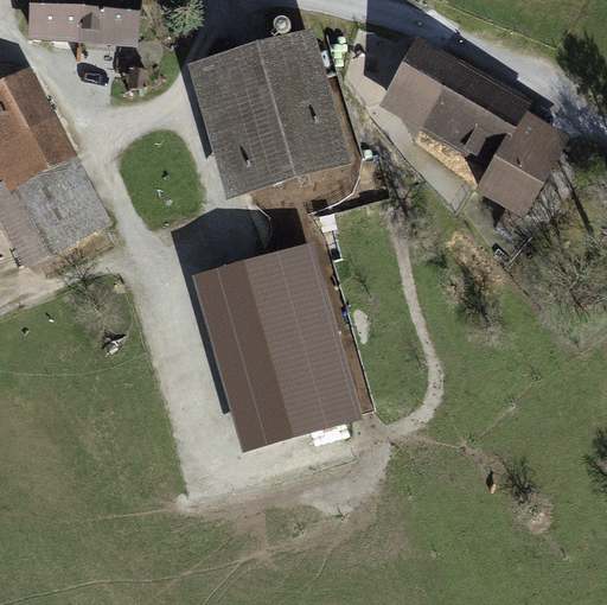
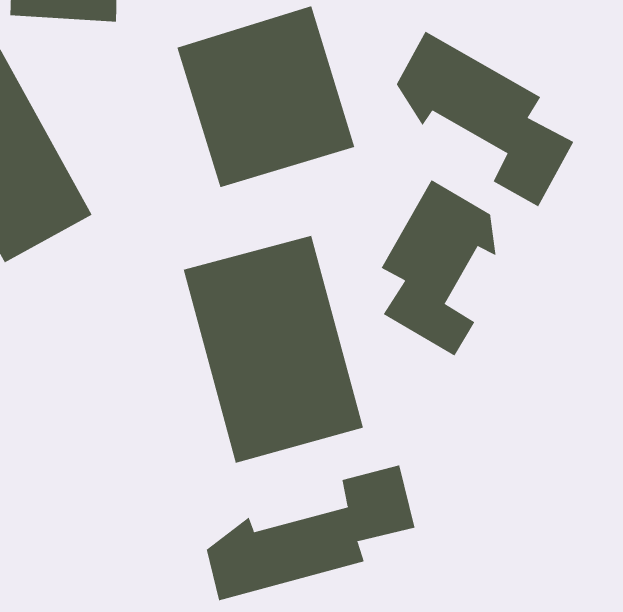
building: none -> [381,179,496,357]
building: none -> [206,465,415,601]

